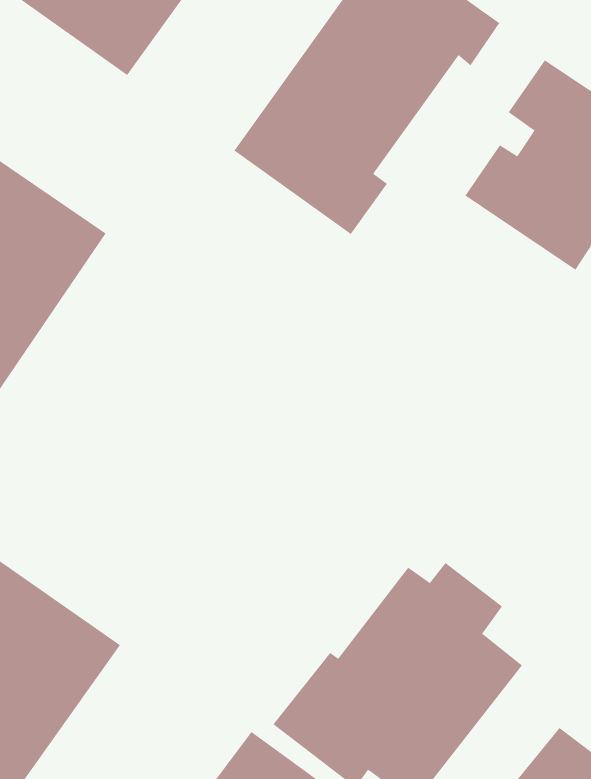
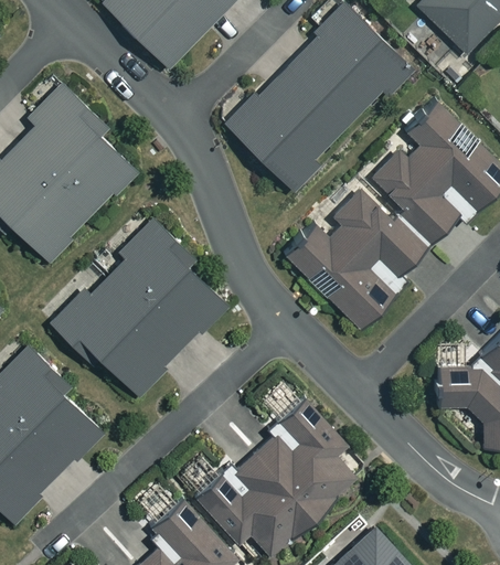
building: none -> [284,188,423,328]
building: none -> [53,223,228,395]

